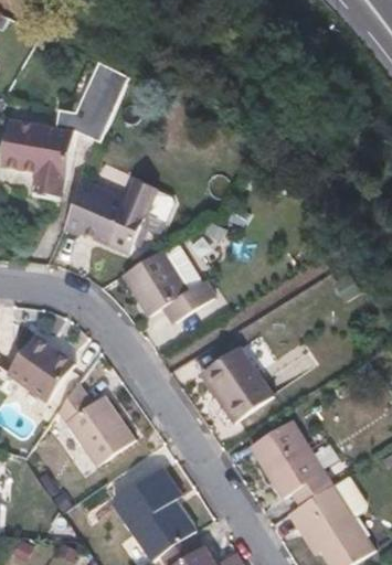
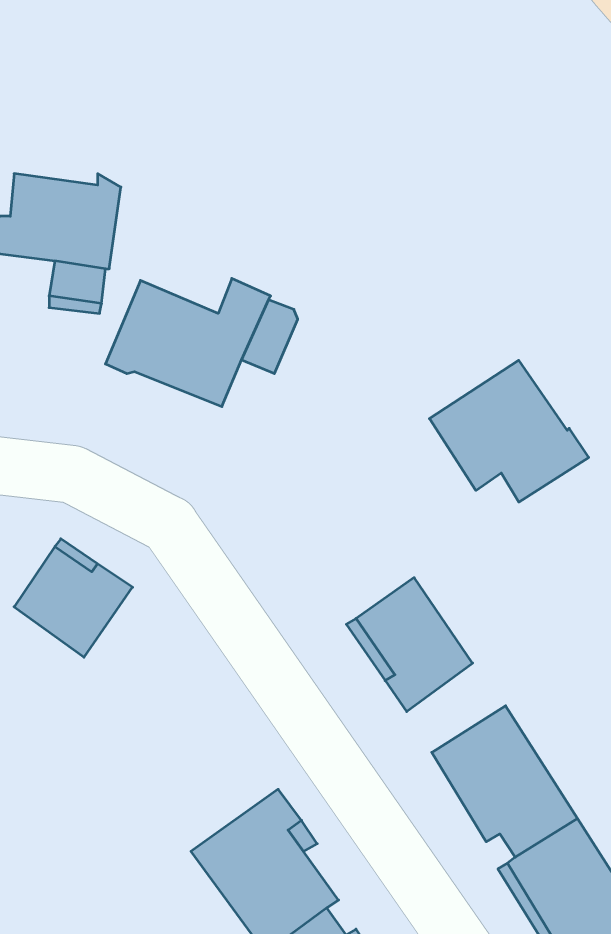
building: [59,62,129,139] -> none
building: [120,243,211,323] -> [429,360,589,502]
building: [54,385,133,469] -> none

